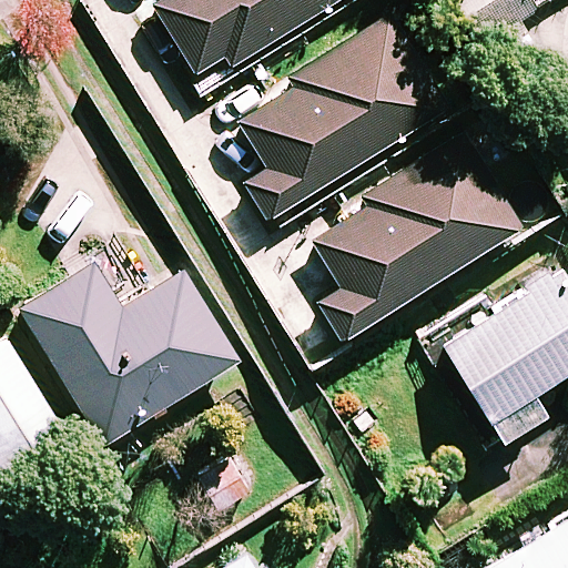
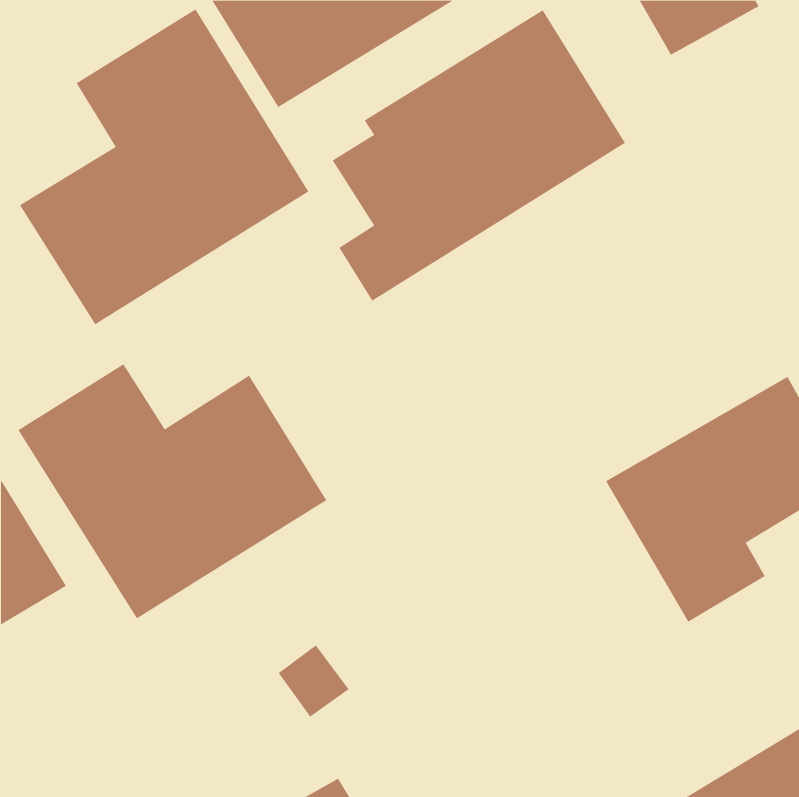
building: none -> [19,8,309,325]
building: [314,135,520,338] -> none

